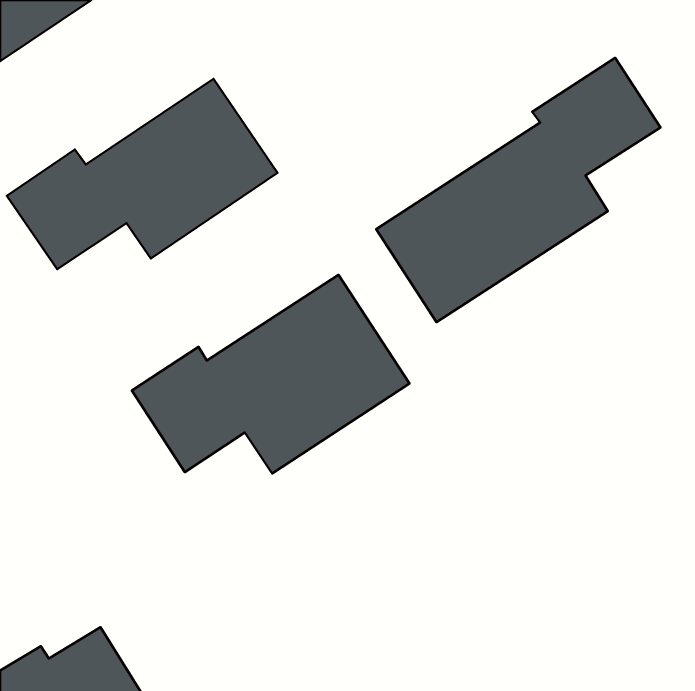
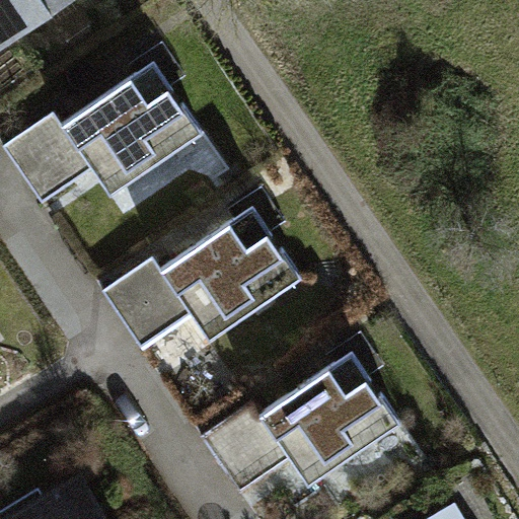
building: [376,58,660,322] -> none
building: none -> [199,351,405,498]

